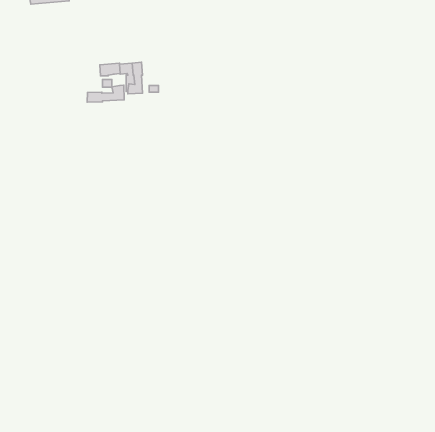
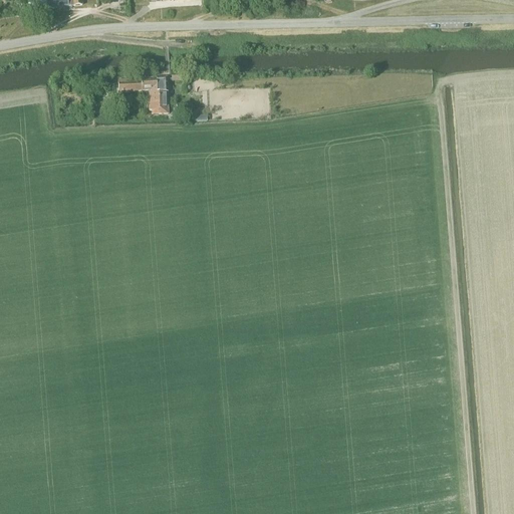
building: [87,85,124,102] -> none

